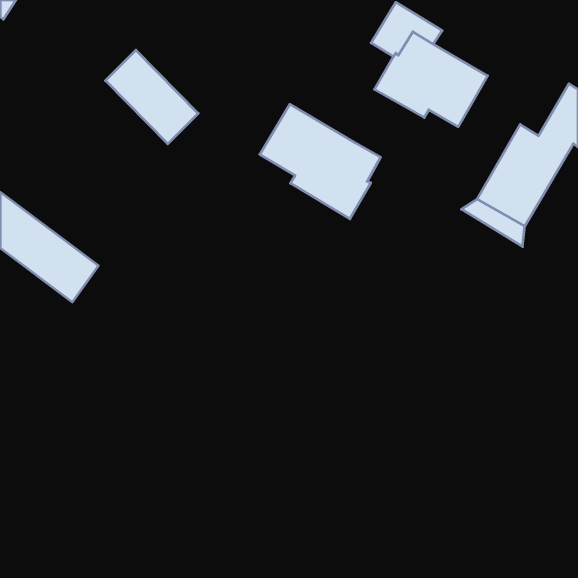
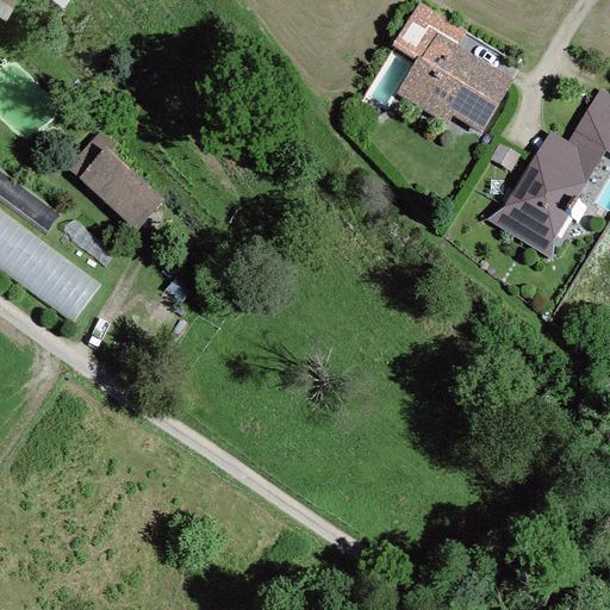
building: [105,50,198,144] -> [67,133,164,232]
building: [260,104,380,219] -> none

